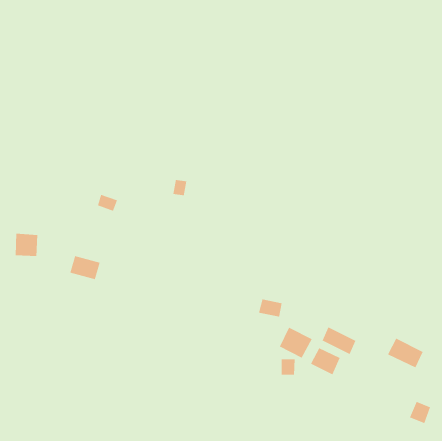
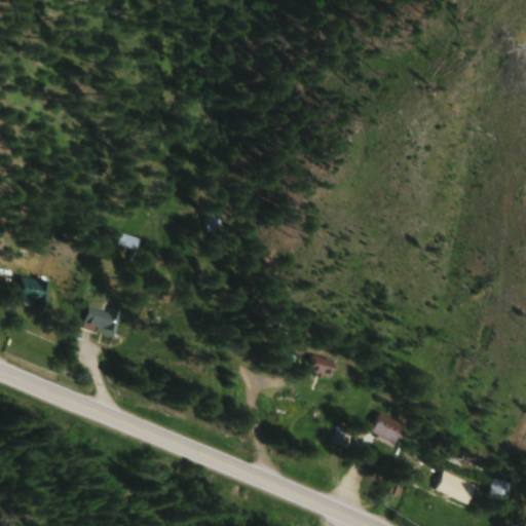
building: [322,327,356,355] -> none
building: [279,327,312,358] -> none
building: [387,338,424,368] -> [434,468,477,504]

